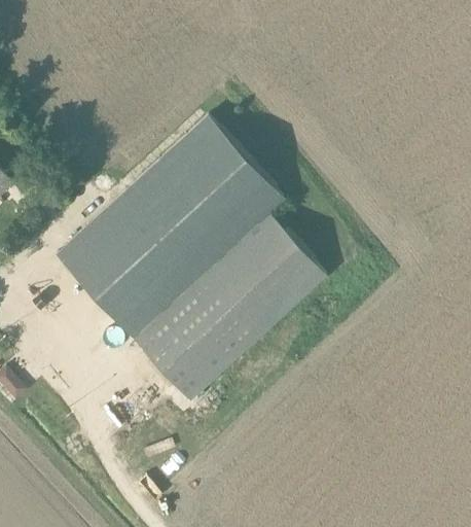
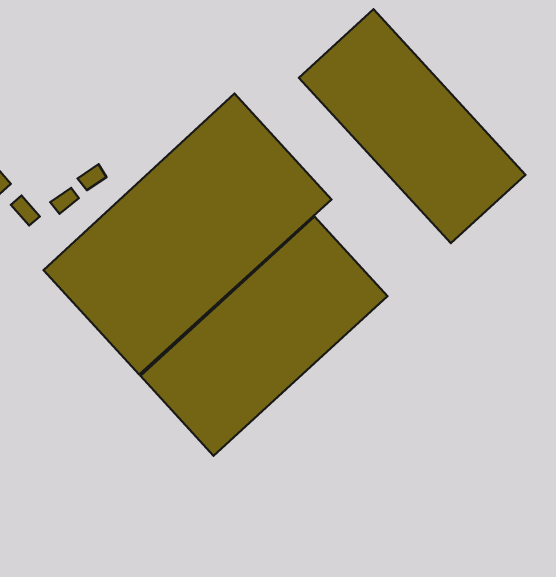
building: none -> [299,9,525,243]

